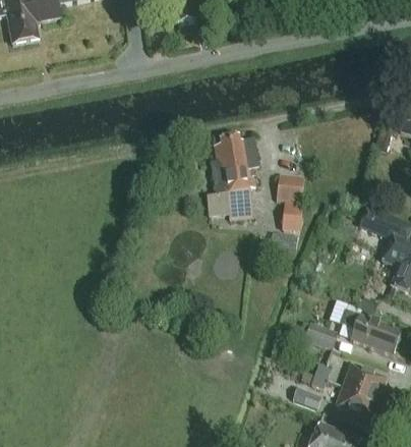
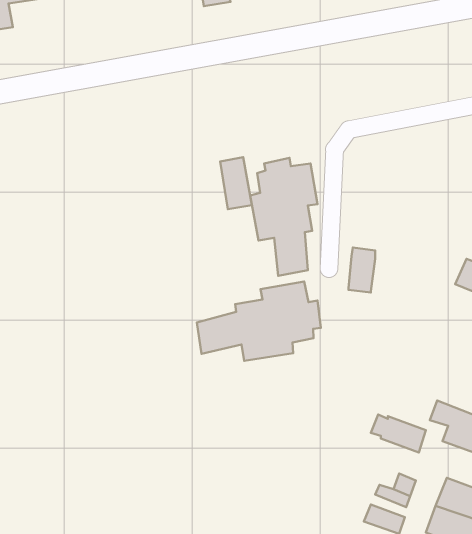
building: none -> [220,157,252,209]
building: [276,170,303,200] -> none
building: none -> [197,282,321,361]

